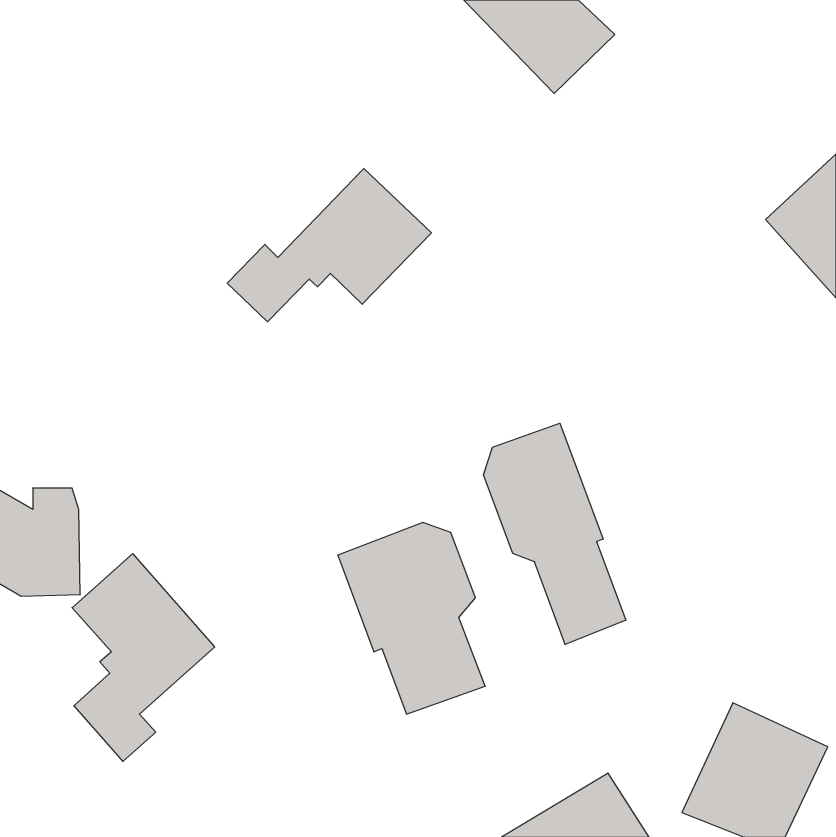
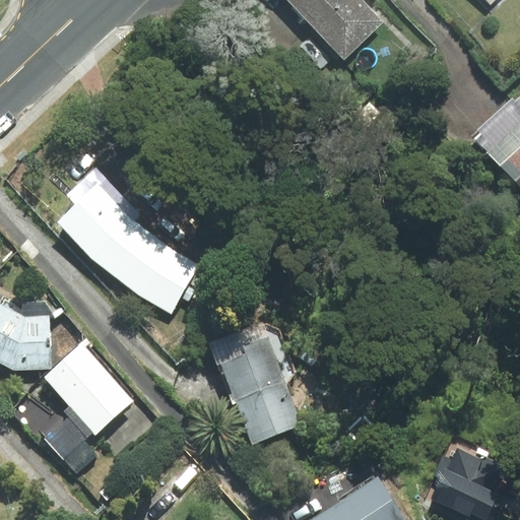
building: [227,169,431,322] -> none
building: none -> [58,169,197,313]
building: [484,423,626,645] -> none

